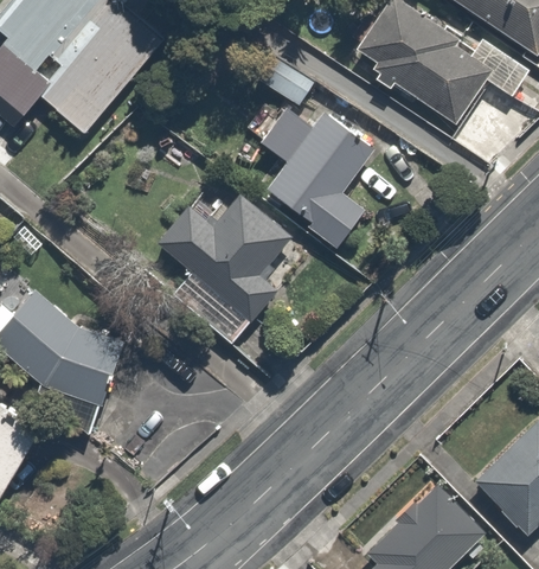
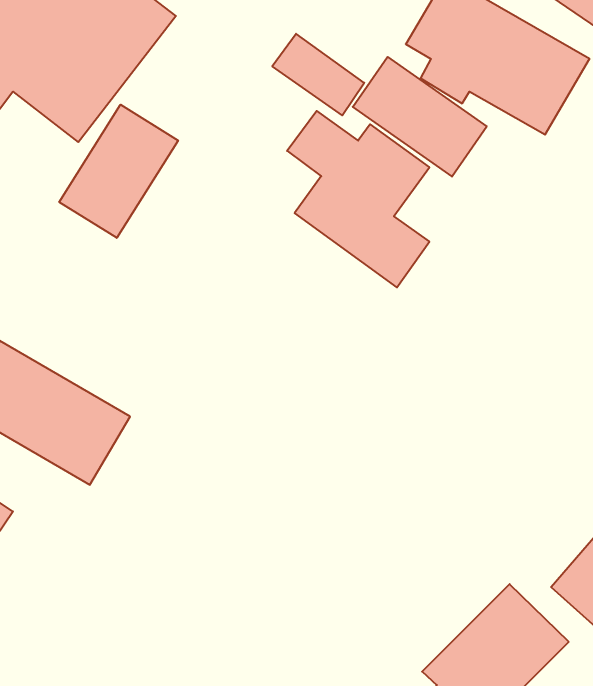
building: none -> [353,57,487,177]
building: none -> [59,105,178,238]
building: [158,197,297,340] -> none

